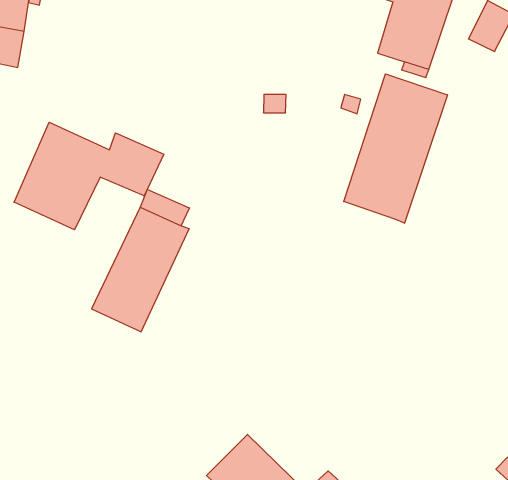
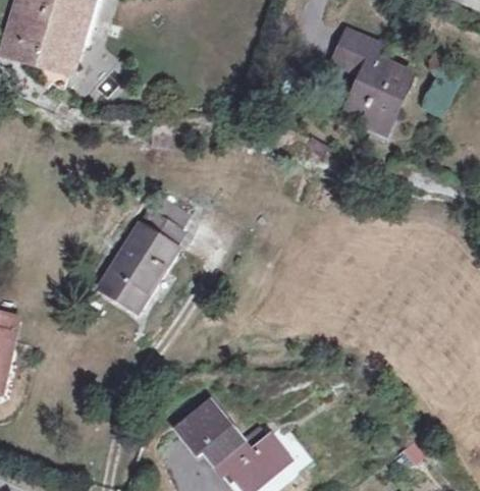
building: [344,74,447,223] -> none
building: [14,122,164,230] -> none

